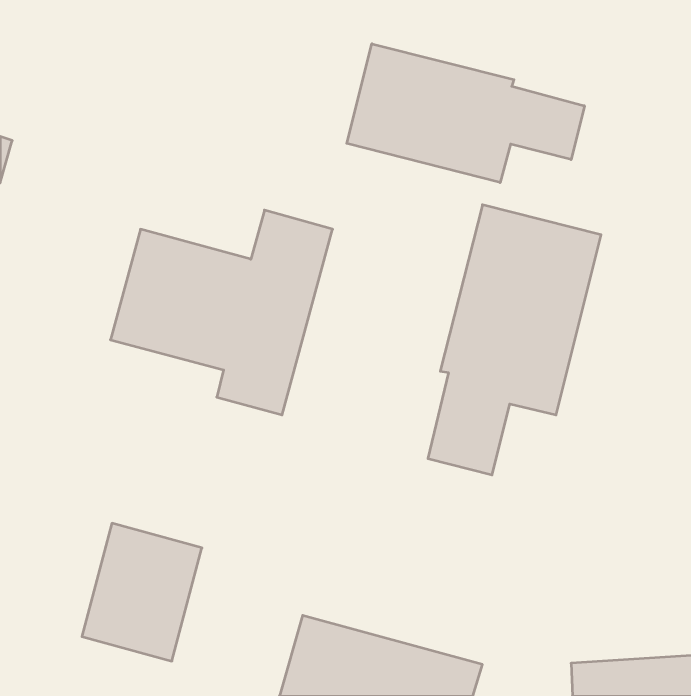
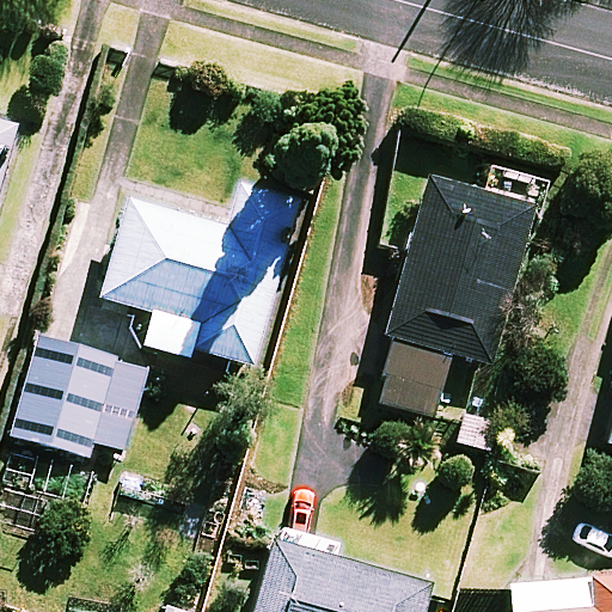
building: [347,44,584,183] -> none
building: [82,523,202,661] -> [12,336,117,457]

